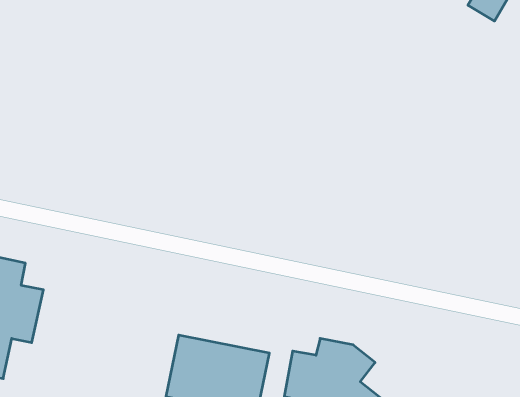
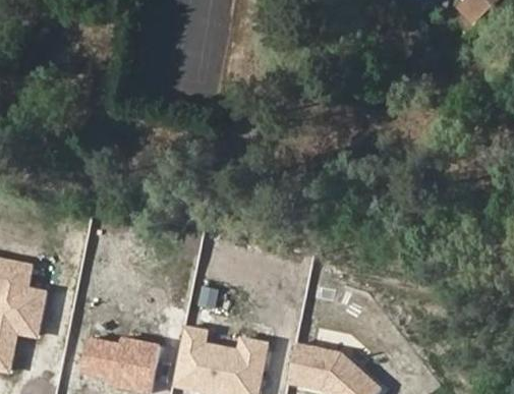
building: none -> [83,334,156,382]

